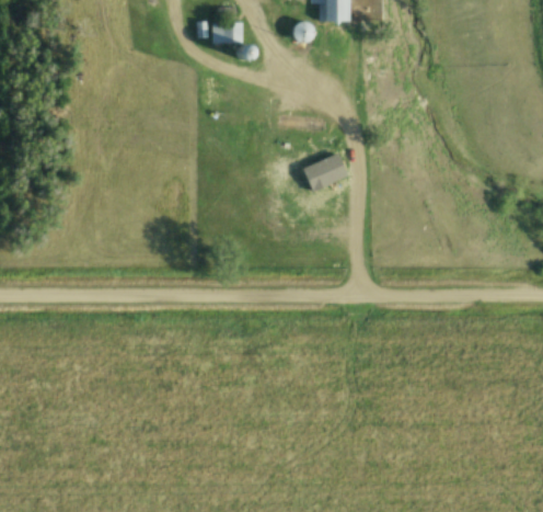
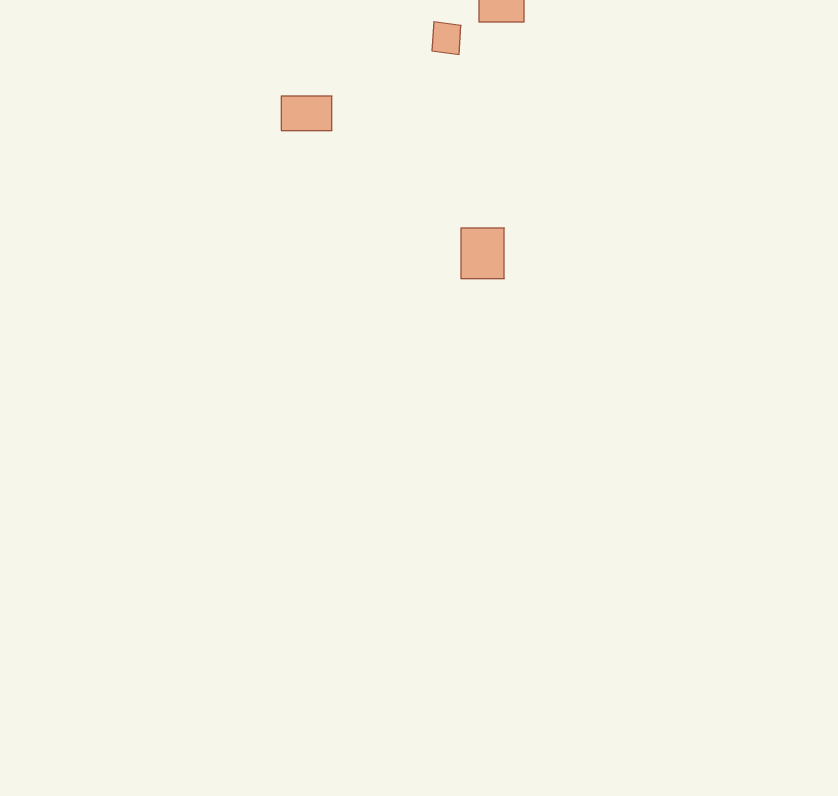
building: [213,23,244,44] -> [281,96,332,130]

